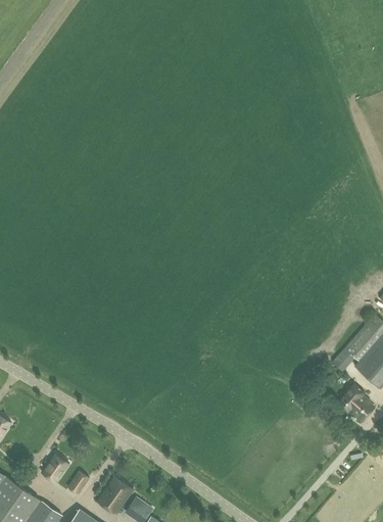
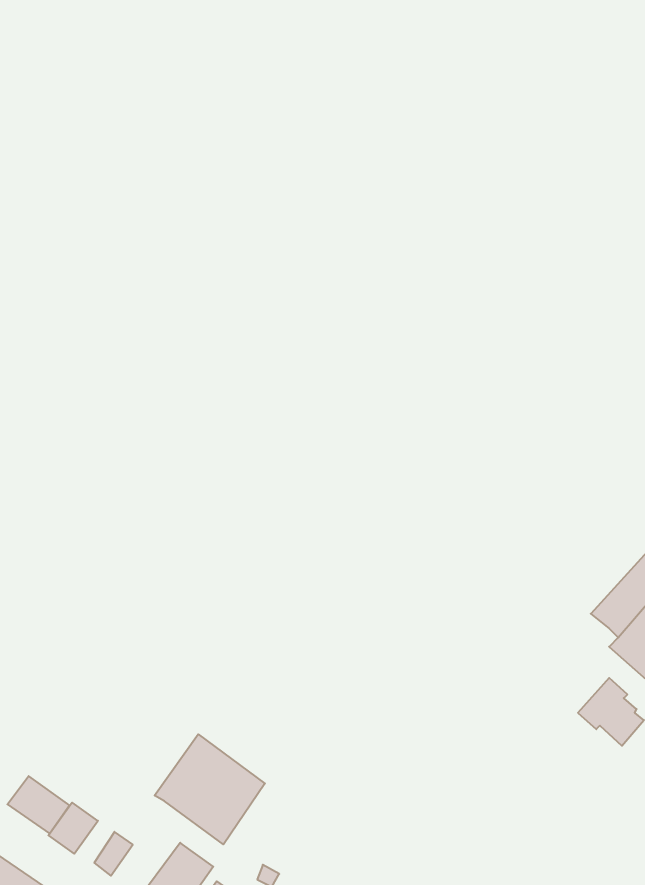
building: none -> [155,734,265,844]
building: none -> [7,776,70,833]

